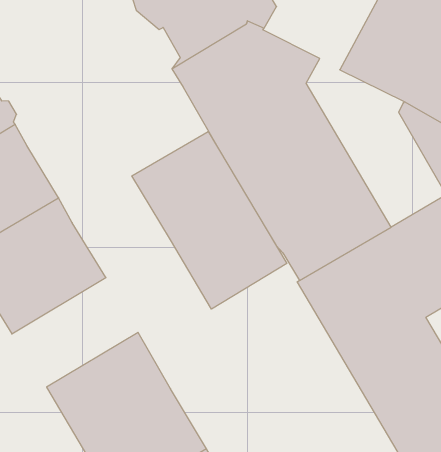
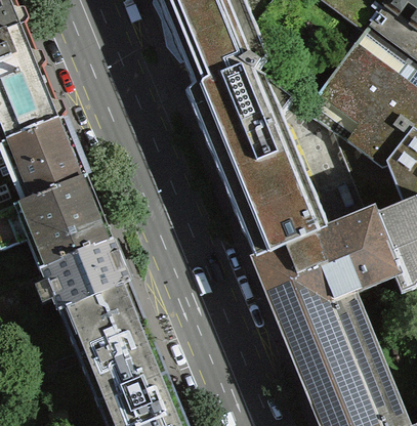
building: [132,131,287,309] -> none
building: none -> [42,239,135,311]

